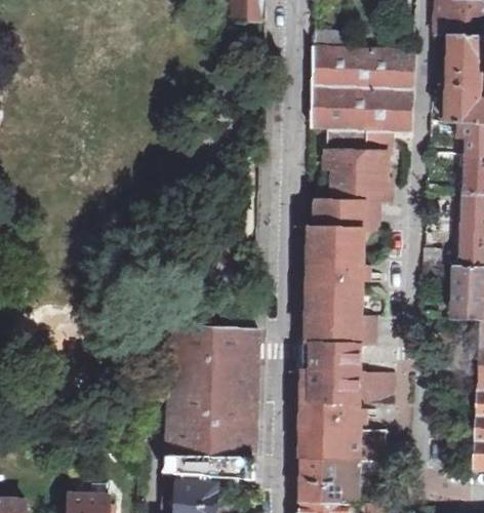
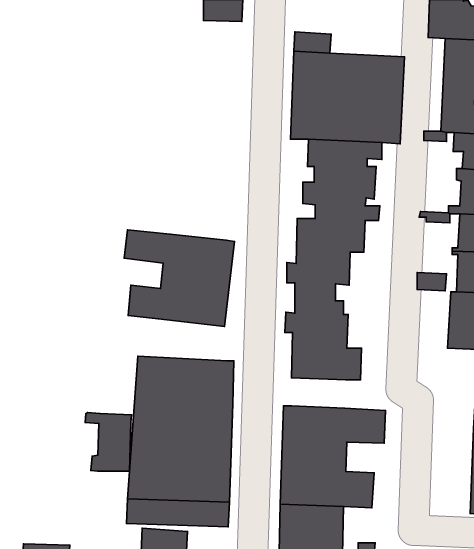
building: none -> [124,230,235,327]
building: [311,344,360,371] -> none
building: none -> [85,413,132,471]

